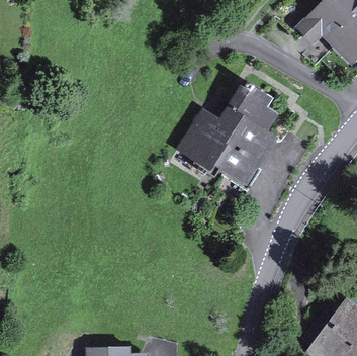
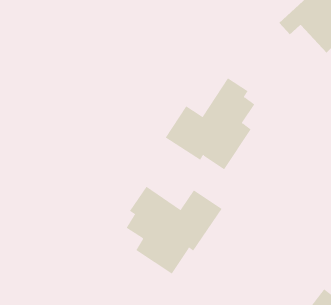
building: none -> [126,186,222,275]

